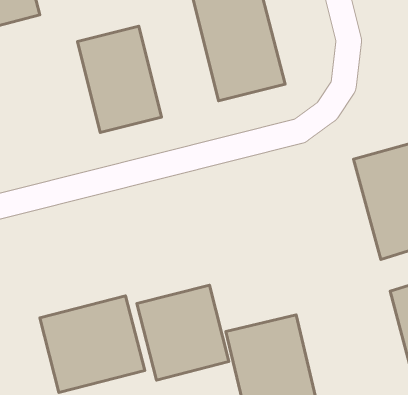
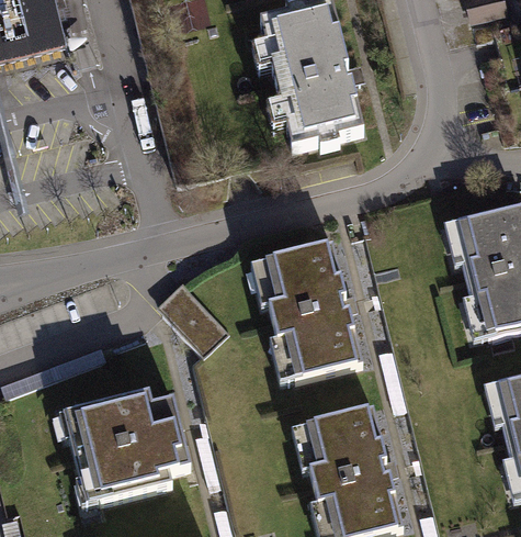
building: [77,26,162,132] -> none
building: none -> [250,239,364,387]
building: [137,285,229,380] -> none

